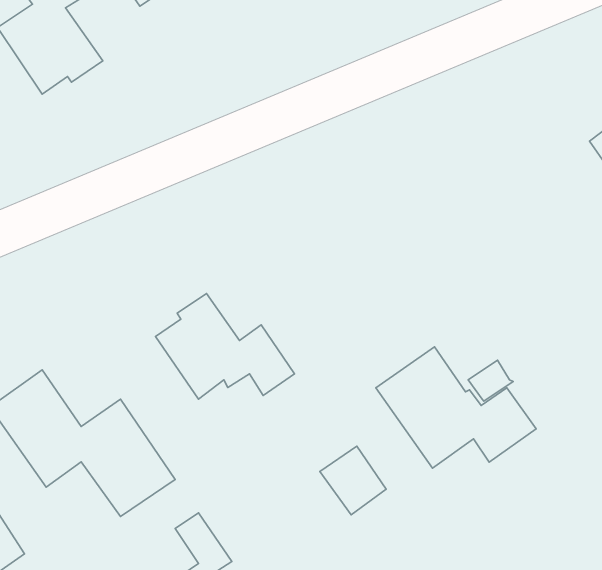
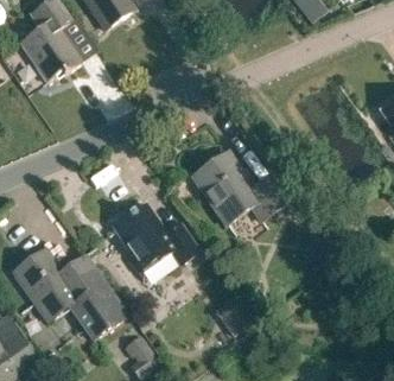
building: [376,347,536,468] -> [192,150,290,223]

